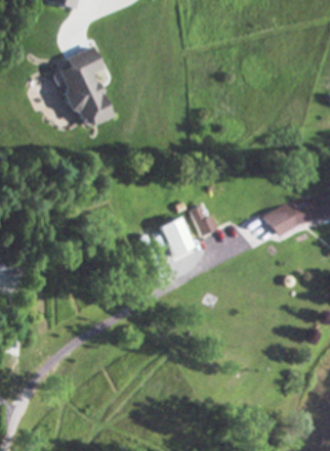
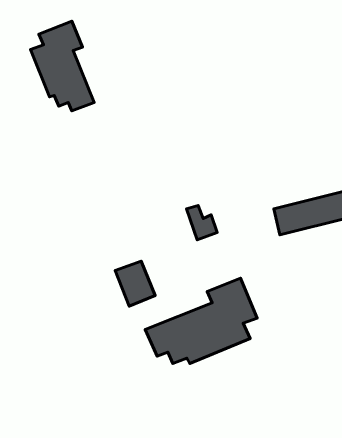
building: [161,217,196,256] -> [115,261,155,306]
building: none -> [145,278,257,363]

